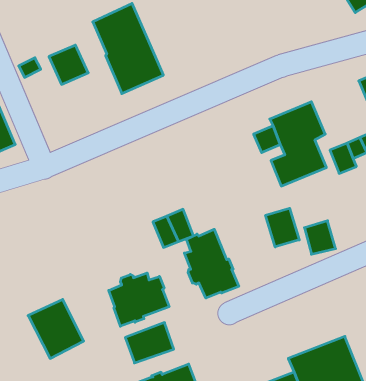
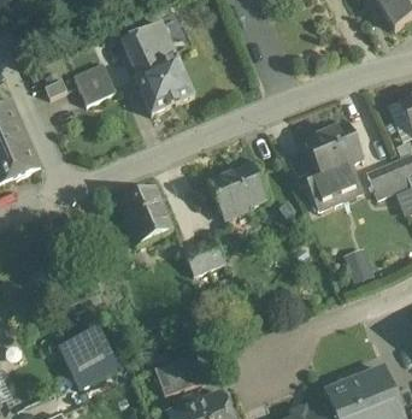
building: none -> [210,163,266,217]
building: none -> [119,185,172,243]
building: [266,208,299,247] -> none
building: [184,229,239,298] -> none
building: [109,273,169,326] -> none

